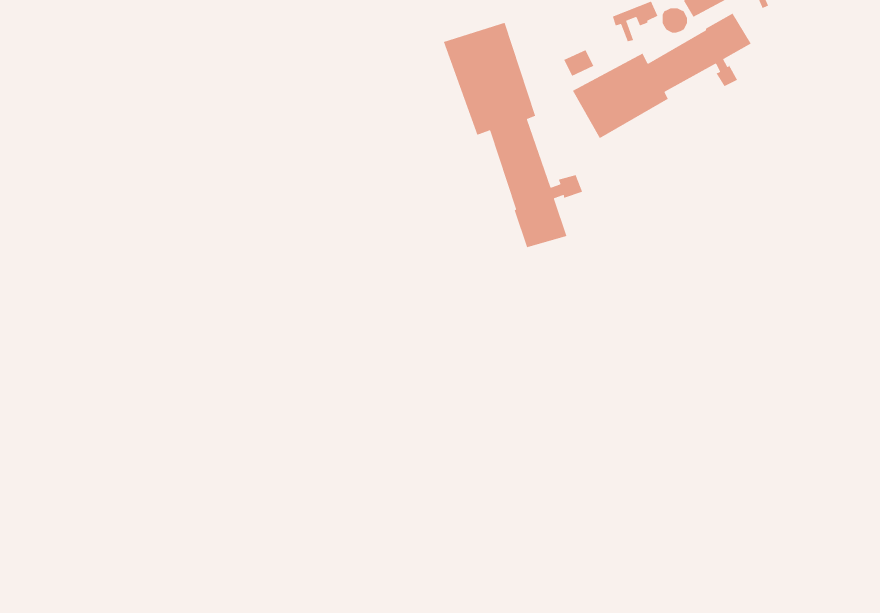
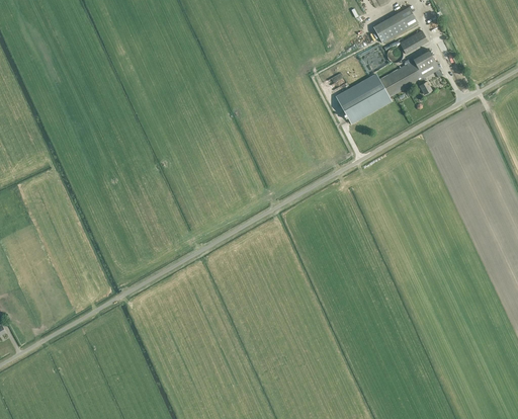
building: [443,22,583,248] -> none

